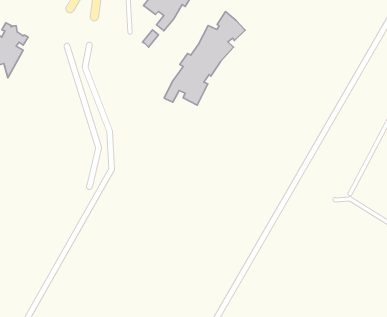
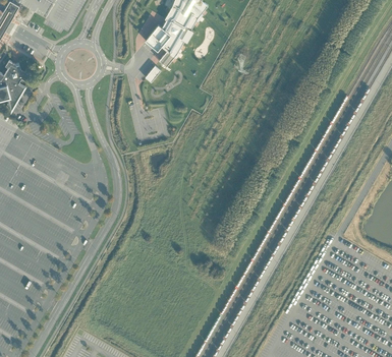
building: [164,12,245,105] -> none

